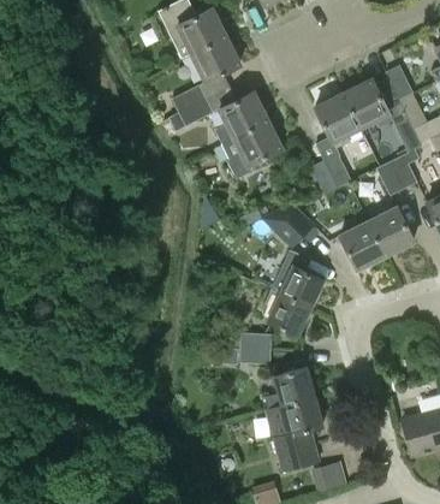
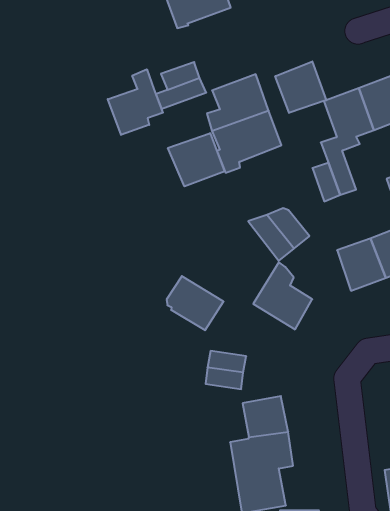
building: [190,35,240,82] -> none
building: none -> [275,61,326,113]
building: none -> [108,69,163,135]
building: none -> [168,133,224,186]
building: [262,289,311,333] -> [167,276,224,330]

